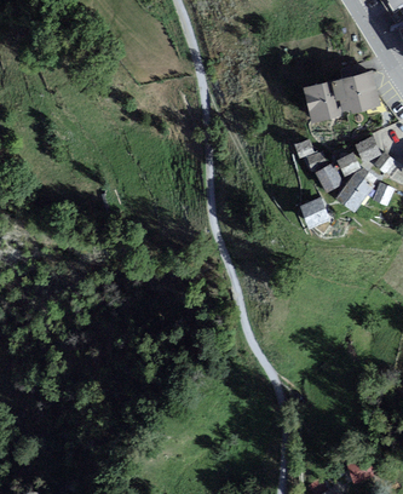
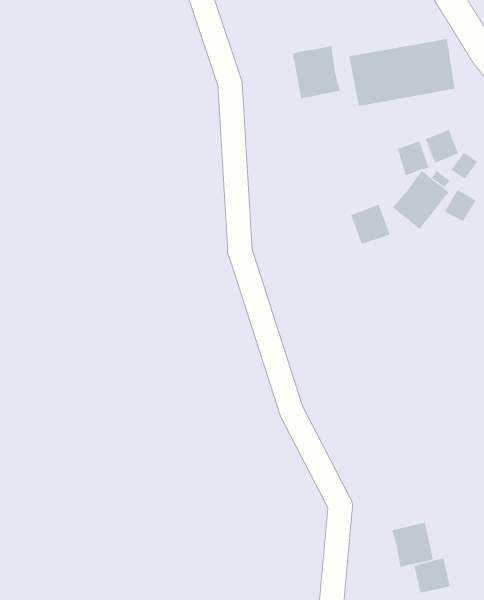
building: none -> [293,45,340,99]
building: [313,160,342,191] -> none
building: none -> [392,522,434,568]

